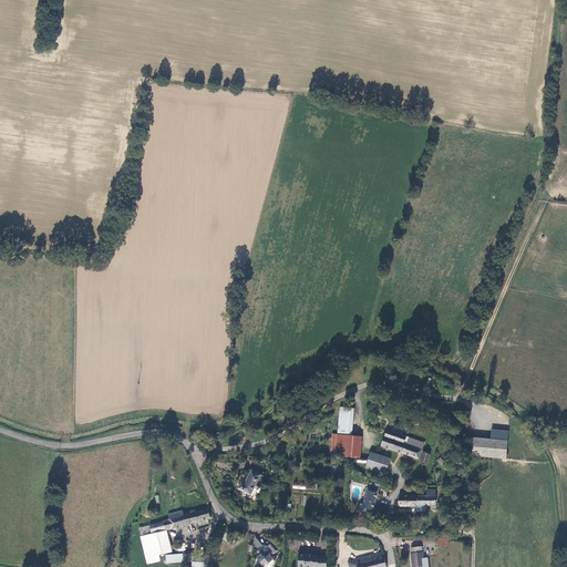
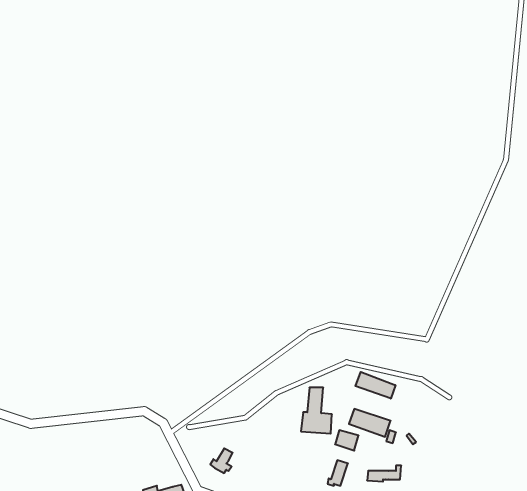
building: none -> [355,372,395,399]
building: [471,430,507,460] -> none

